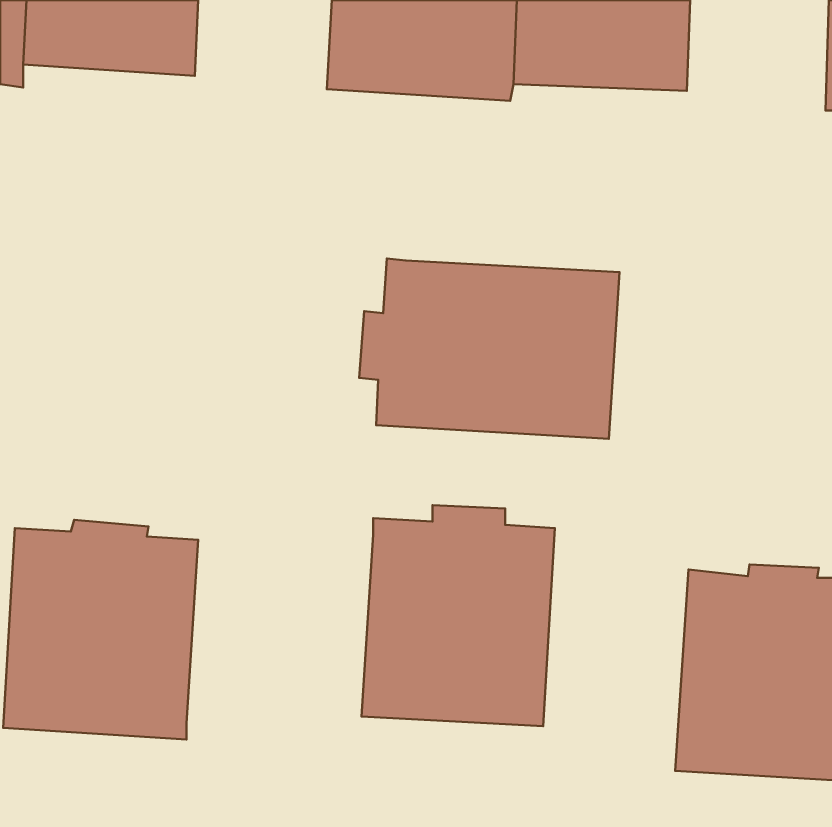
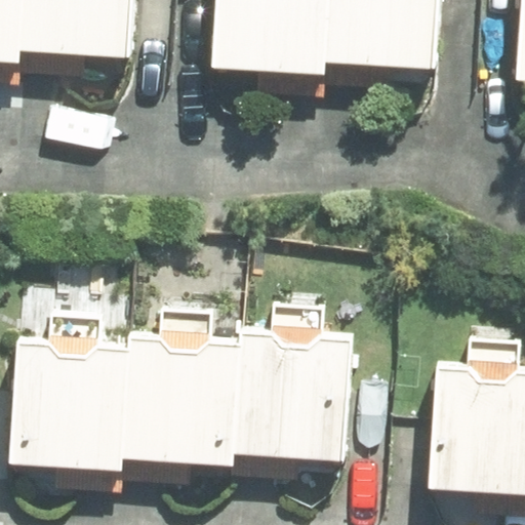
building: [359,258,619,439] -> none
building: none -> [123,331,239,466]

